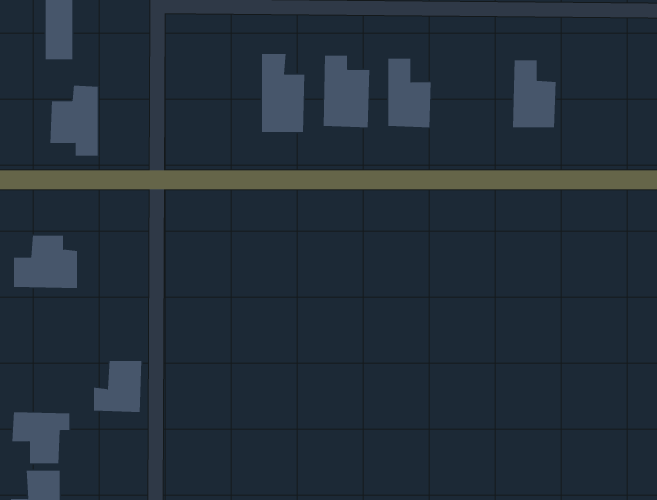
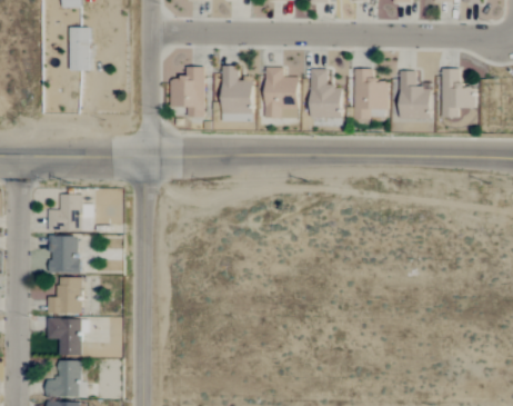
building: none -> [354,68,389,118]
building: none -> [441,68,476,117]
building: [50,85,99,156] -> [170,66,204,116]
building: none -> [49,236,80,273]
building: [93,360,142,413] -> [48,277,82,314]

